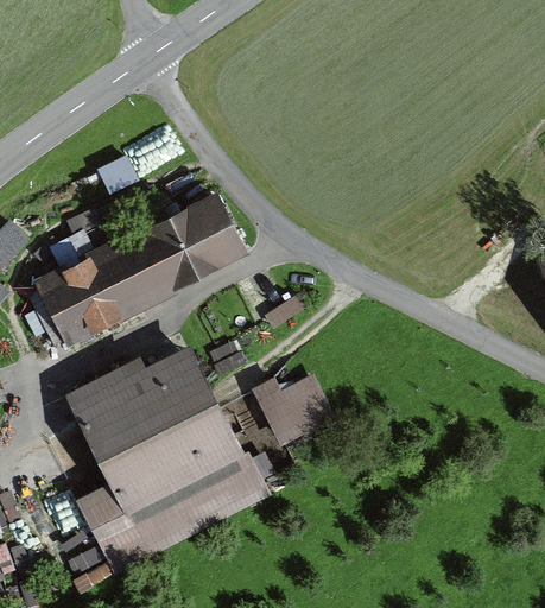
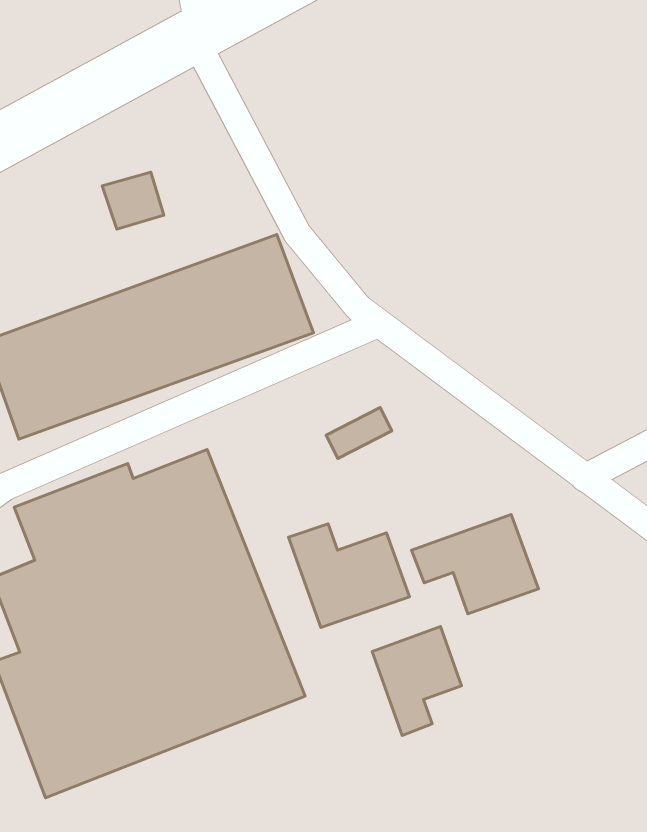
building: none -> [412,515,539,614]
building: none -> [372,627,462,735]

